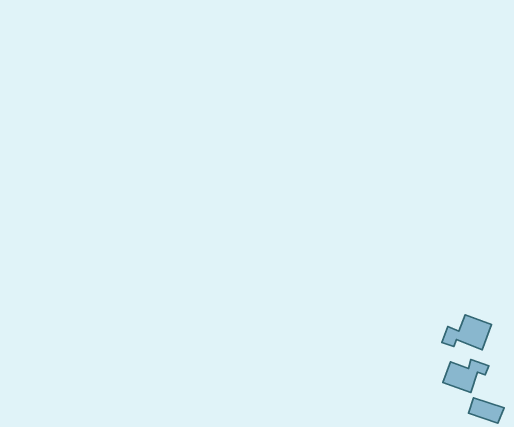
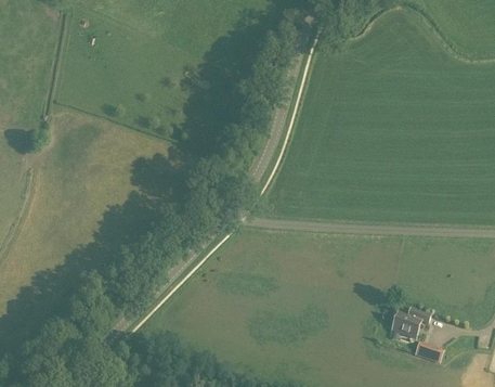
building: [442,315,492,350] -> none

